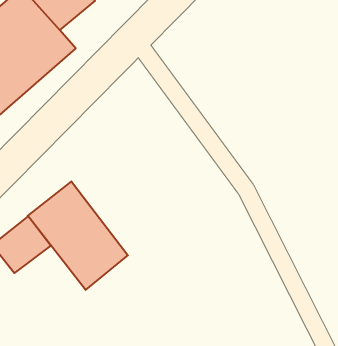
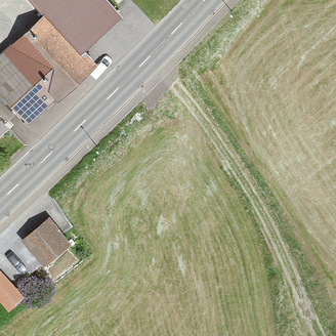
building: [28,181,128,290] -> none

